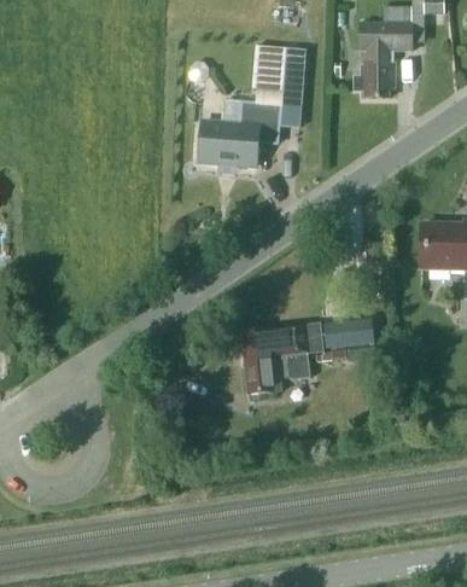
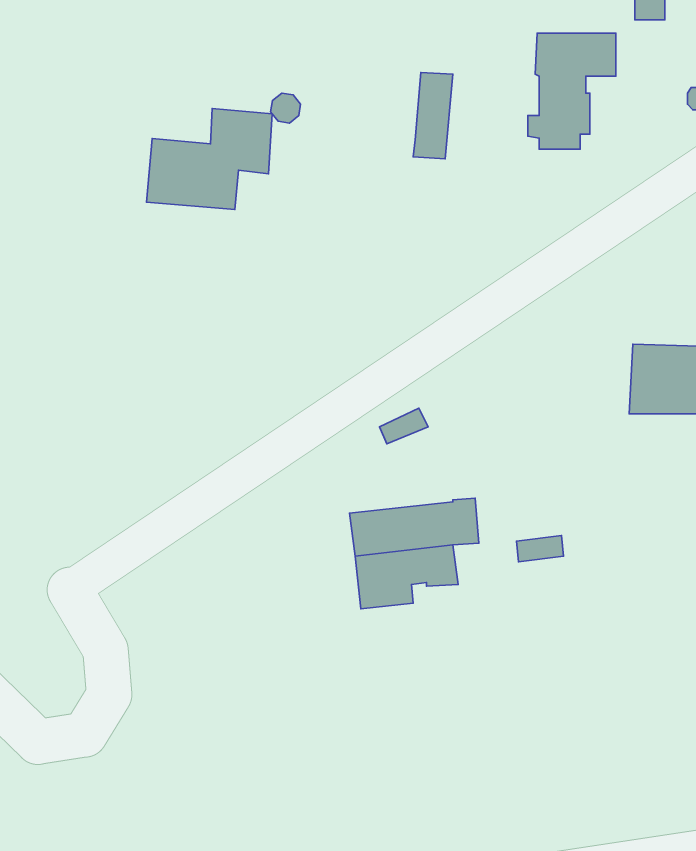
building: [251,46,285,92] -> none
building: [198,101,279,167] -> [147,108,272,210]
building: [322,318,373,348] -> none

